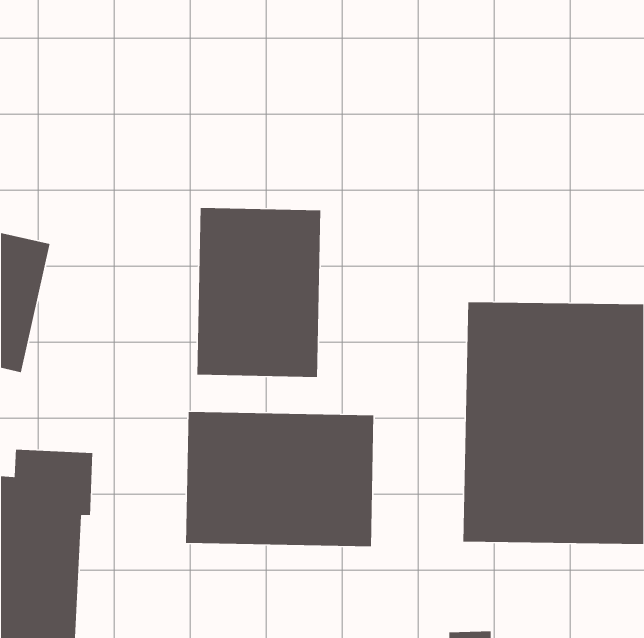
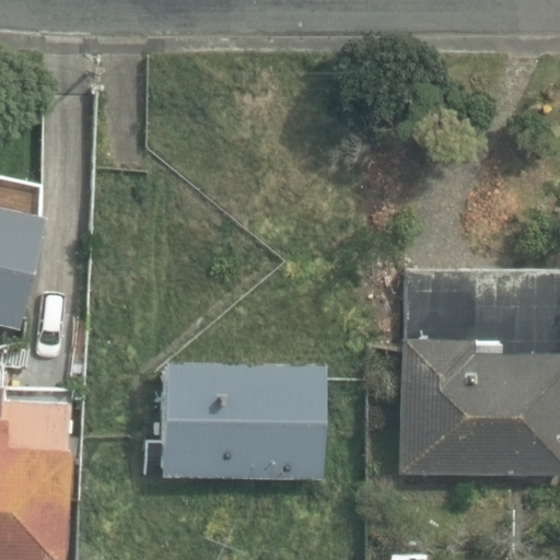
building: [196,207,321,378] -> none

